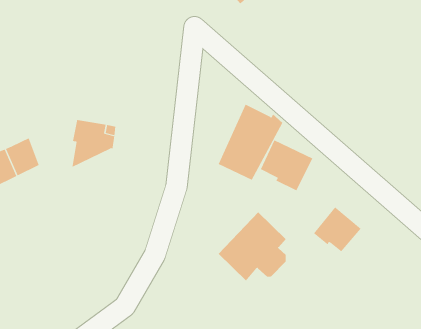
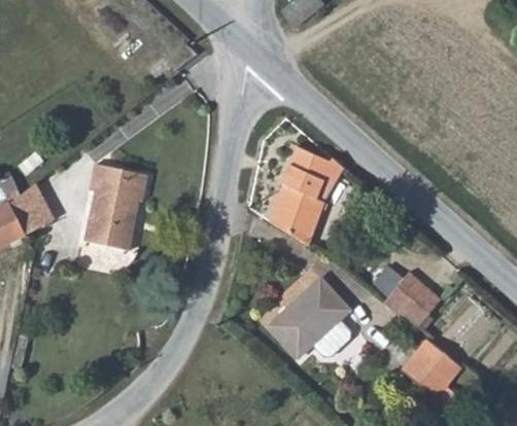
building: [260,140,313,191] -> none
building: none -> [87,200,138,250]
building: none -> [397,335,457,396]

